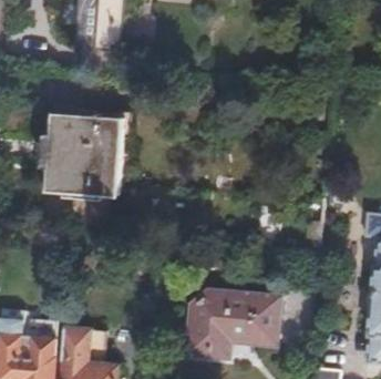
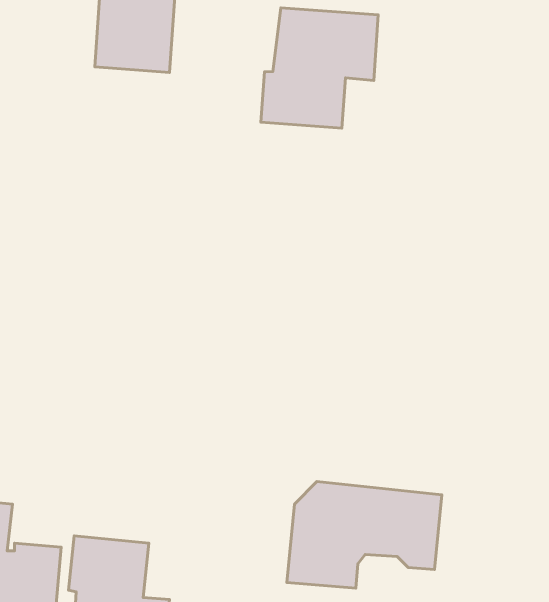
building: none -> [261,8,378,128]
building: [50,113,123,195] -> none

